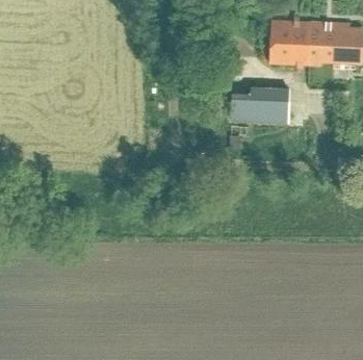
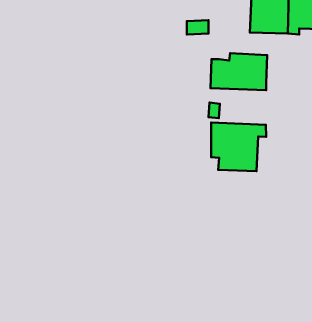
building: none -> [211,122,266,171]

